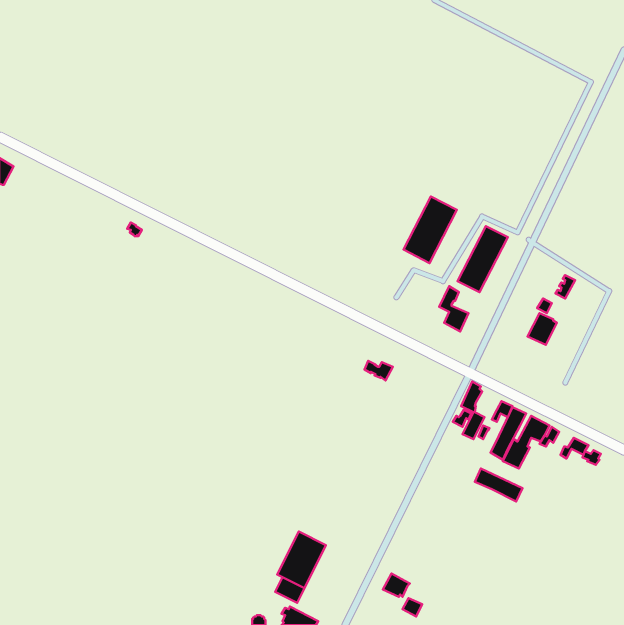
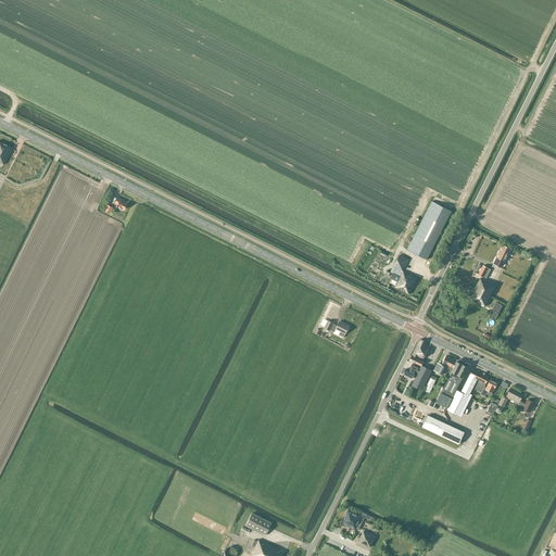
building: [404,196,457,263] -> none
building: [277,531,326,588] -> none

